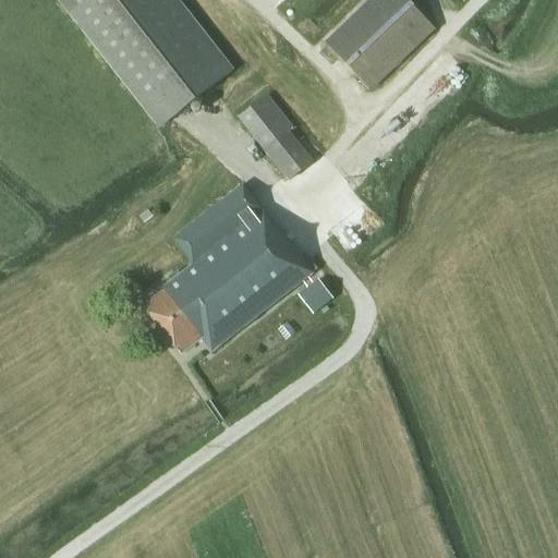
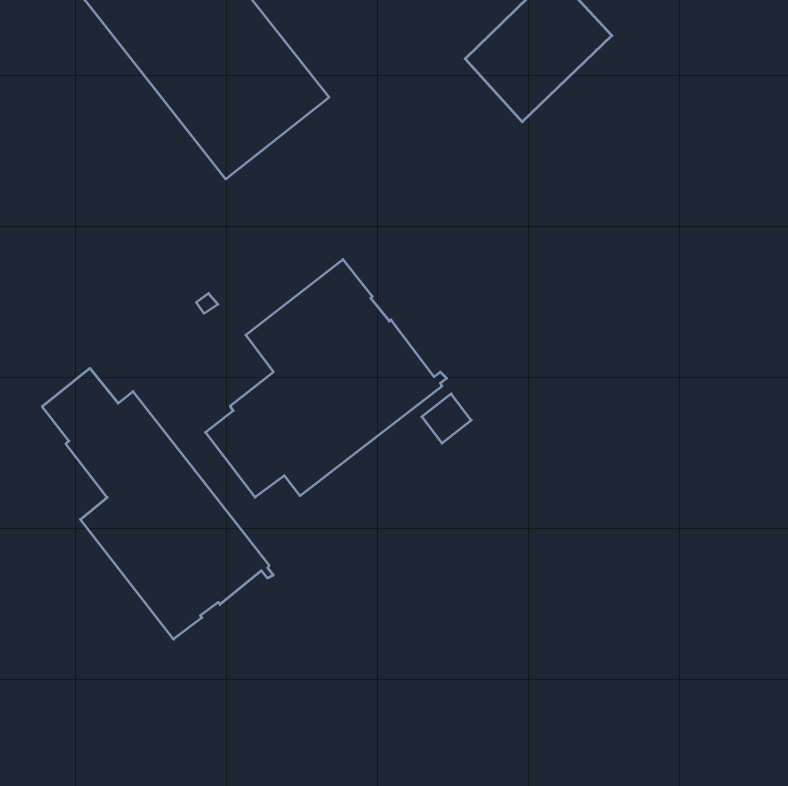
building: [238,93,312,179] -> none
building: none -> [42,368,273,639]

